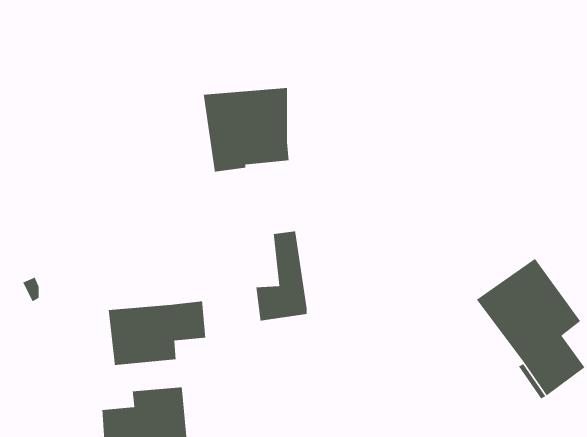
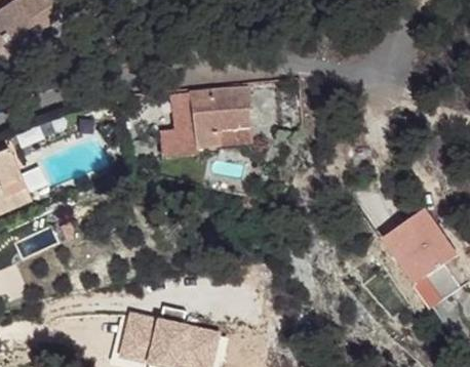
building: [255,231,307,322] -> [159,92,196,157]
building: [108,300,206,366] -> none

